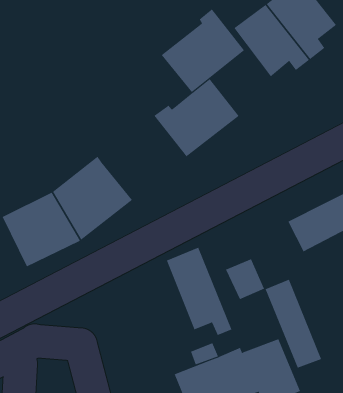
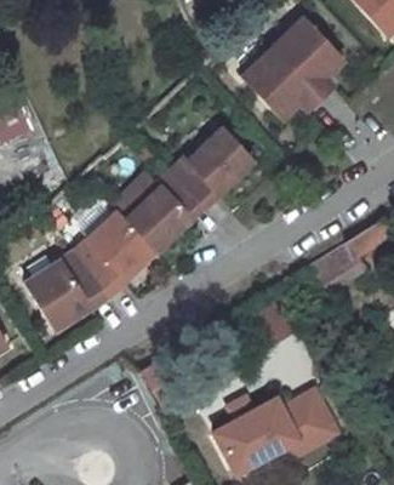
building: [161,9,245,93] -> [121,170,205,256]
building: [166,247,232,336] -> none
building: [265,279,322,369] -> none

